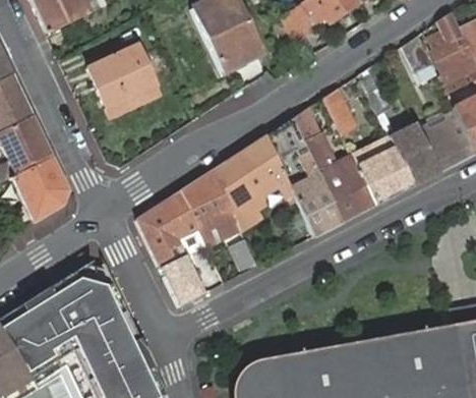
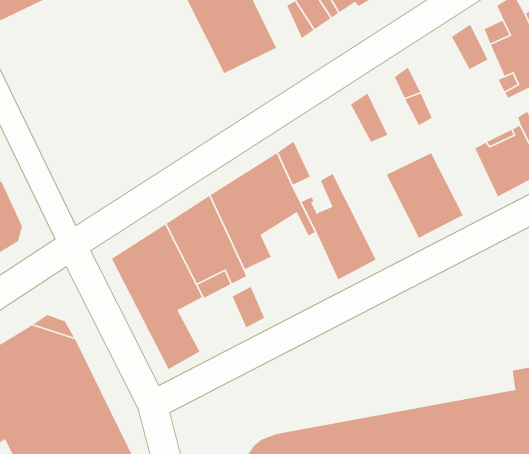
building: [87,45,160,117] -> none
building: [292,108,376,221] -> none
building: [384,123,438,186] -> none

